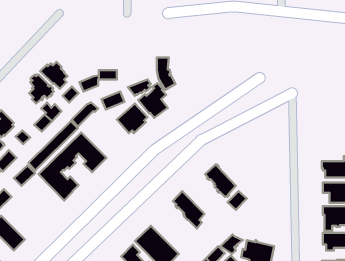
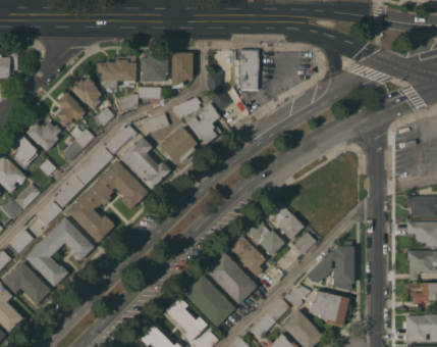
building: none -> [232,49,258,91]
building: none -> [171,52,193,88]
building: none -> [97,54,135,89]
building: none -> [140,54,167,81]
building: none -> [25,121,61,151]
building: none -> [119,137,170,190]
building: none -> [24,216,94,287]
building: none -> [244,217,284,256]
building: none -> [305,240,353,289]
building: none -> [204,251,257,304]

